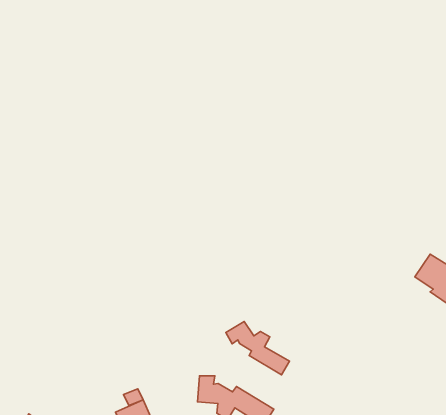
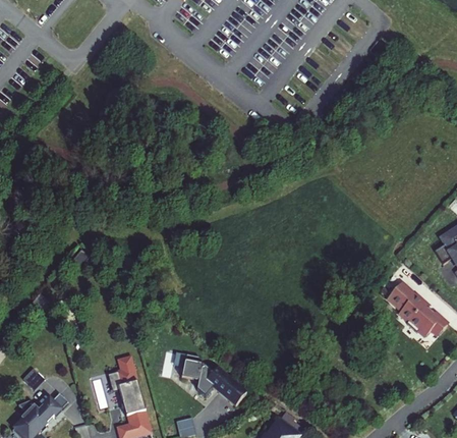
building: [226,322,290,375] -> none

